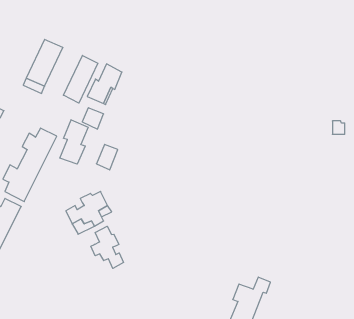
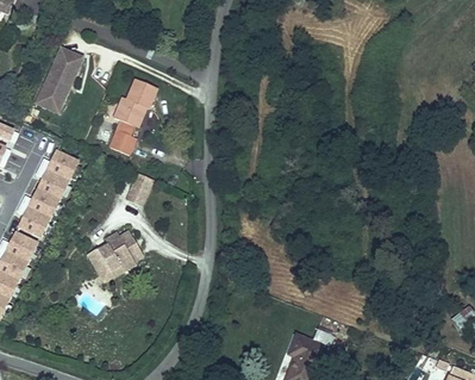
building: [63,55,98,103] -> none
building: [60,120,88,164] -> none
building: [91,226,124,268] -> none

